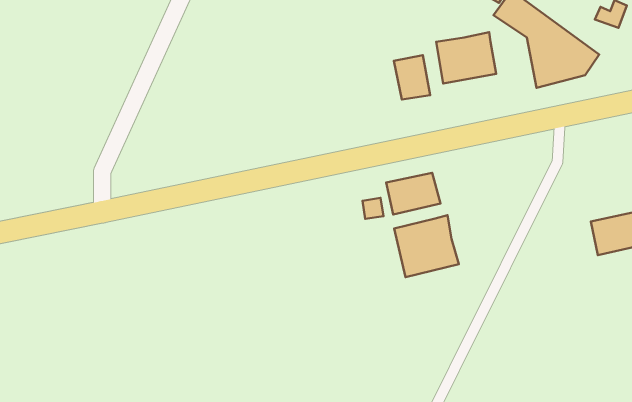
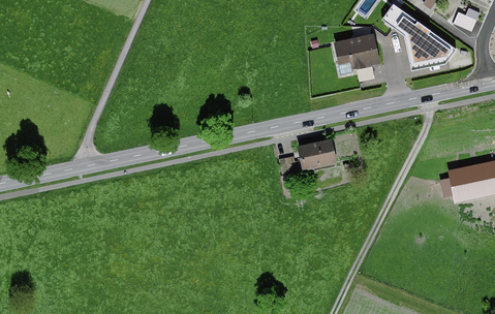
building: [394,55,430,99] -> none
building: [394,215,459,277] -> none

